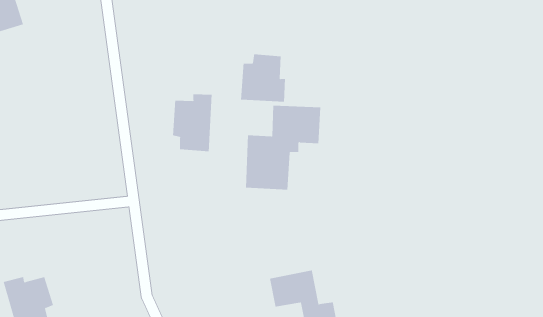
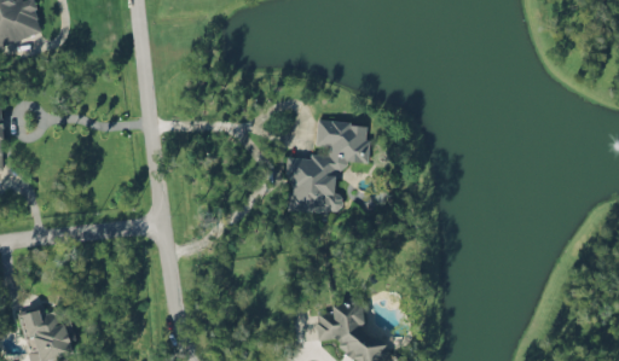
building: [240,54,285,102] -> none
building: [172,94,212,152] -> none

